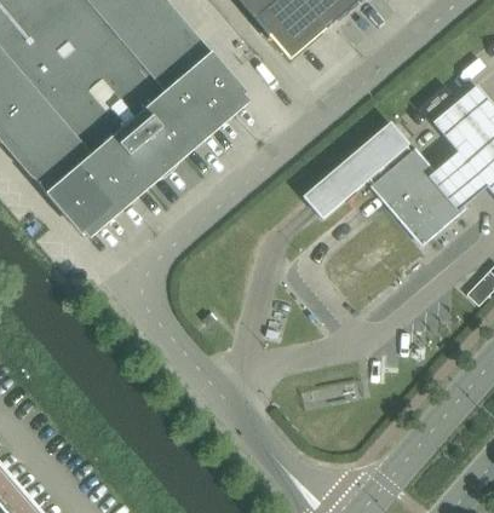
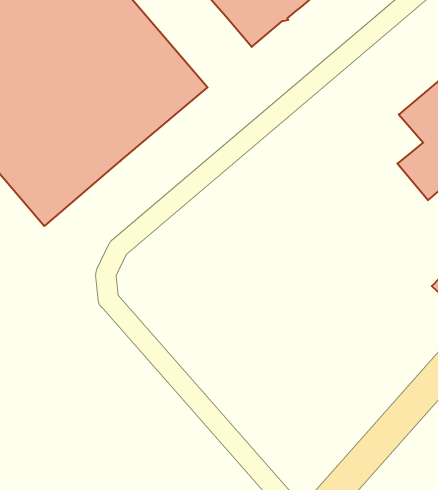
building: [305,122,464,241] -> none

